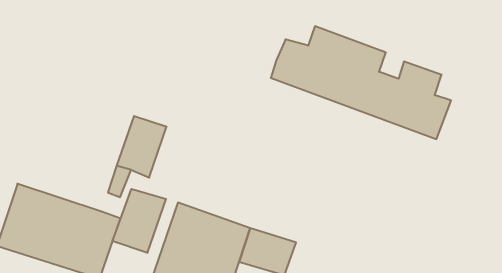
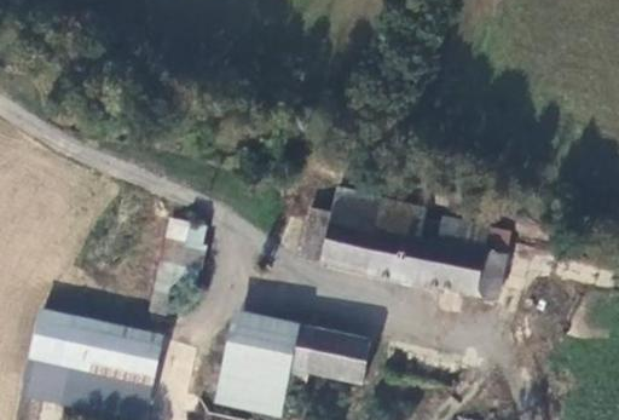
building: [271,26,451,139] -> [299,189,507,299]
building: [113,189,166,253] -> none

